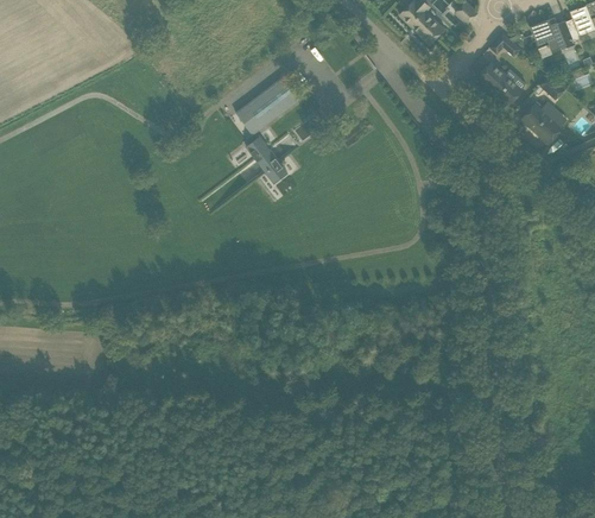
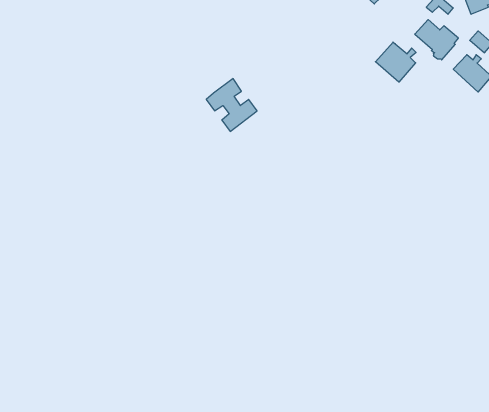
building: [242,75,300,128] -> none
building: none -> [375,42,416,82]

